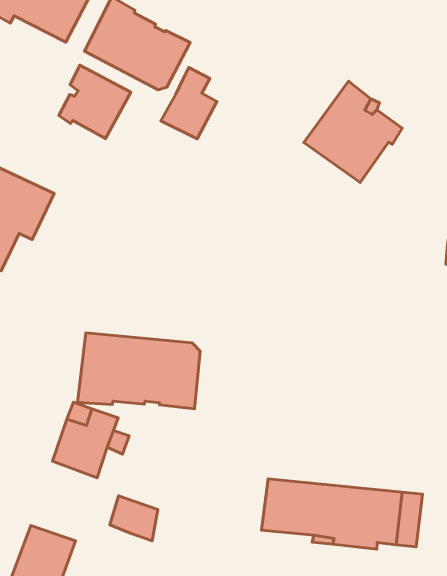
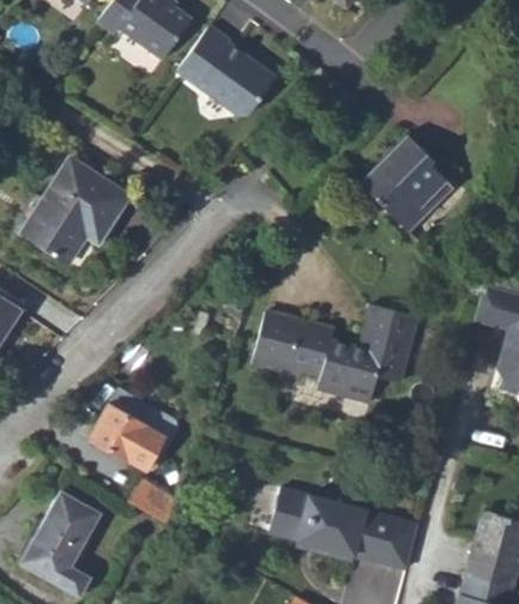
building: [59,65,131,139] -> none
building: [161,67,217,139] -> none
building: none -> [251,304,417,401]
building: [77,333,200,409] -> none

